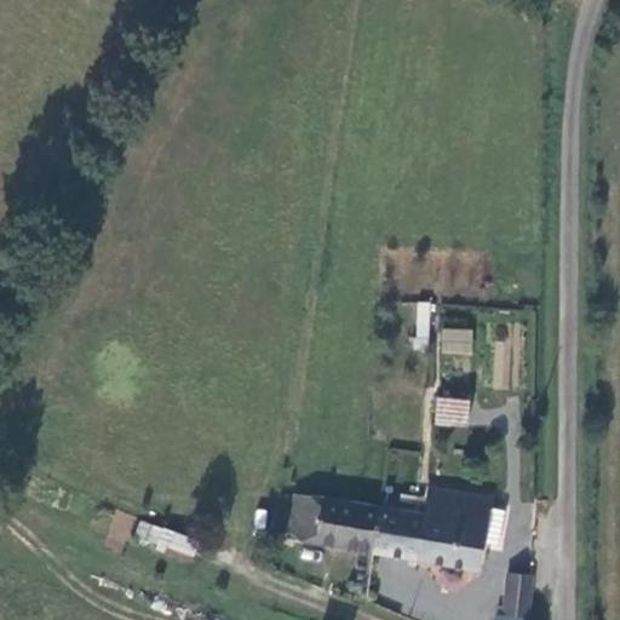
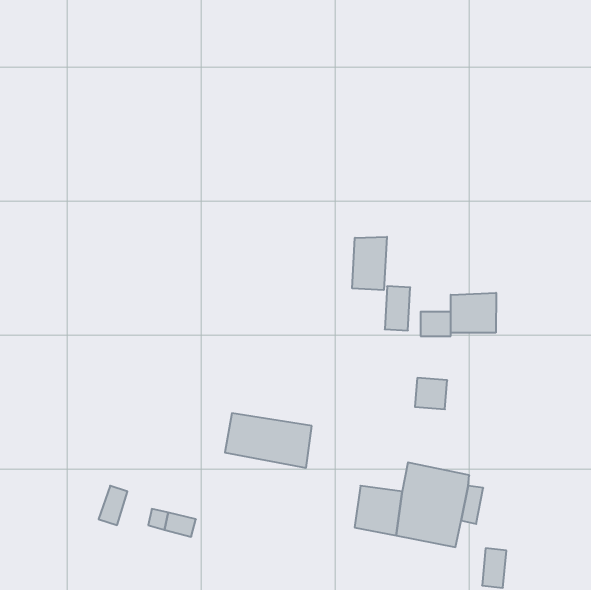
building: none -> [352,237,387,290]
building: none -> [451,293,496,333]
building: [286,494,377,551] -> [225,413,312,468]

